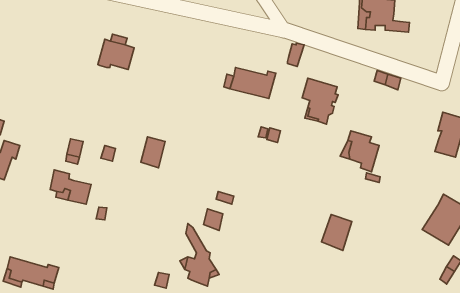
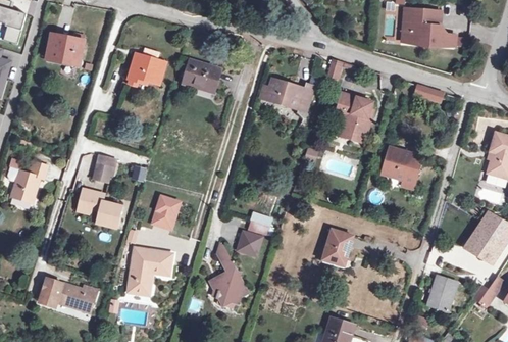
building: none -> [47,35,86,63]
building: none -> [182,59,217,90]
building: [141,137,165,168] -> [153,196,179,229]
building: [321,215,352,251] -> [321,229,353,266]
building: none -> [119,247,165,296]
building: none -> [433,276,464,311]

